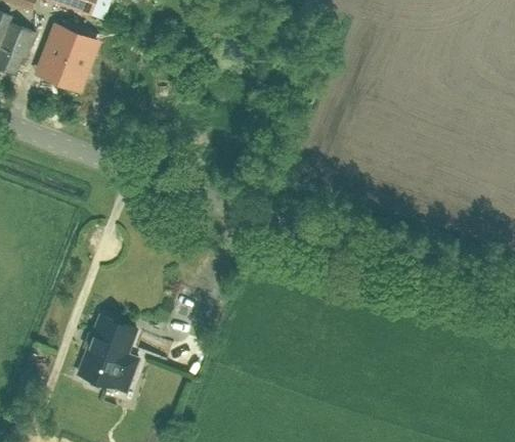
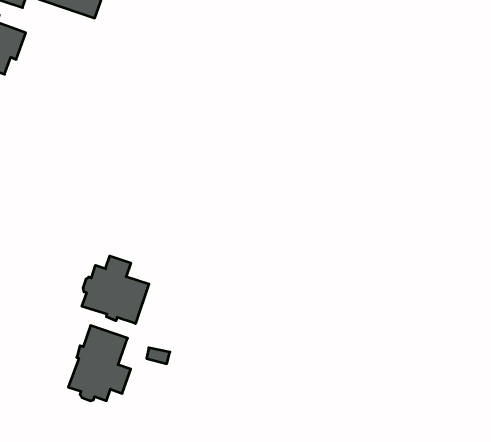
building: [42,26,99,88] -> none
building: none -> [82,256,149,324]

